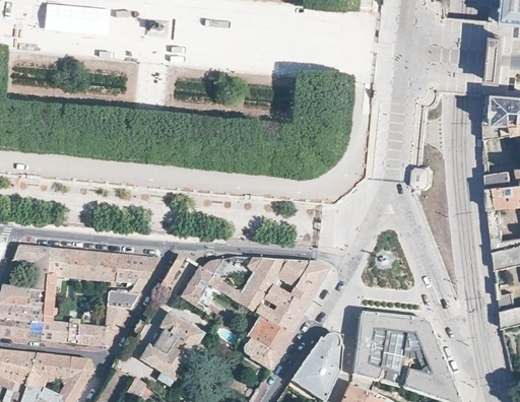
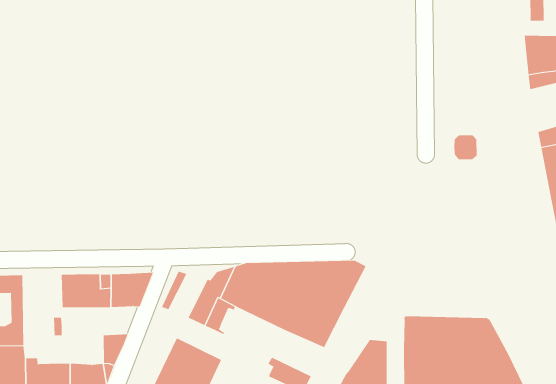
building: [42,247,78,317] -> none
building: [108,282,141,305] -> none
building: [246,315,290,355] -> none

